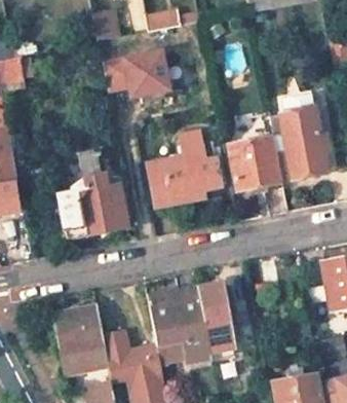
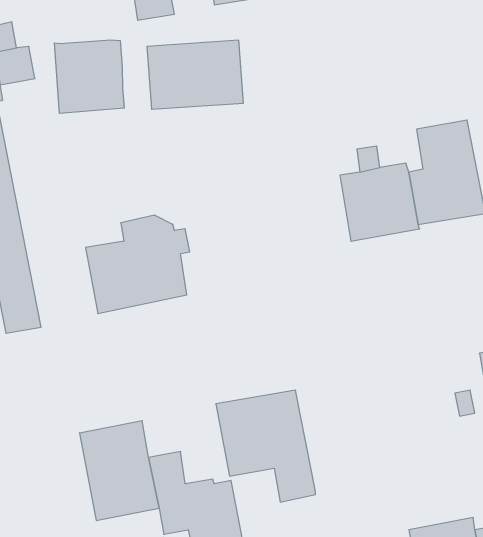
building: none -> [55,40,124,113]
building: [148,127,220,203] -> none
building: [199,283,233,355] -> none

